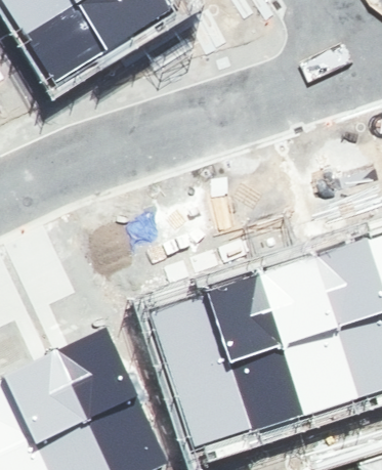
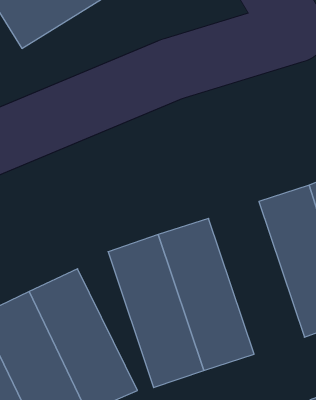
building: [252,252,355,417] -> none

